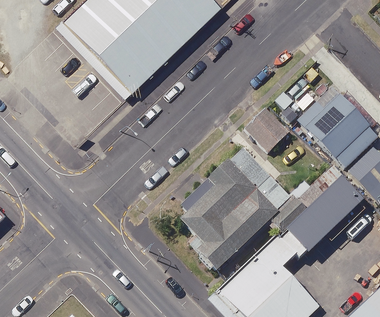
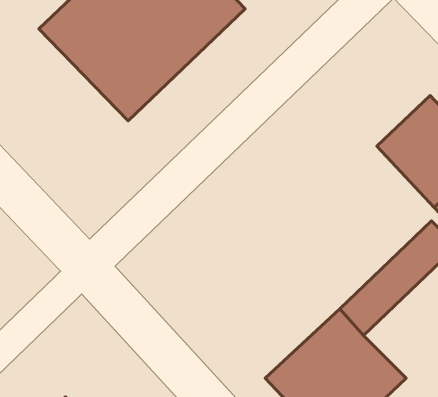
building: [253,107,295,148] -> none
building: [170,147,296,272] -> none

